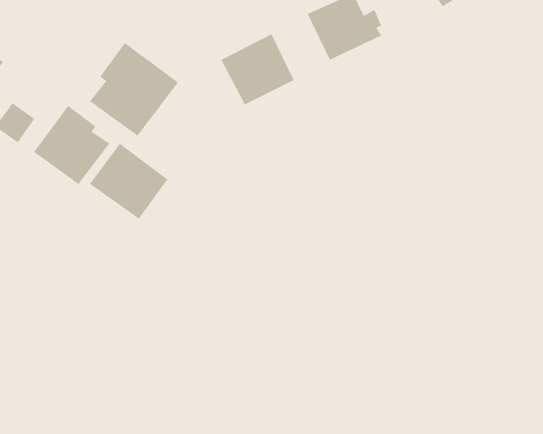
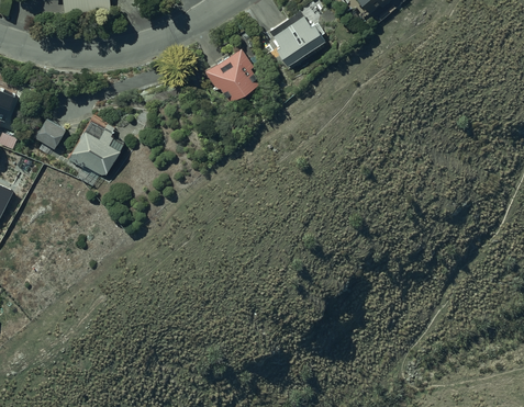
building: [89,42,179,137] -> none
building: [89,143,168,220] -> none

